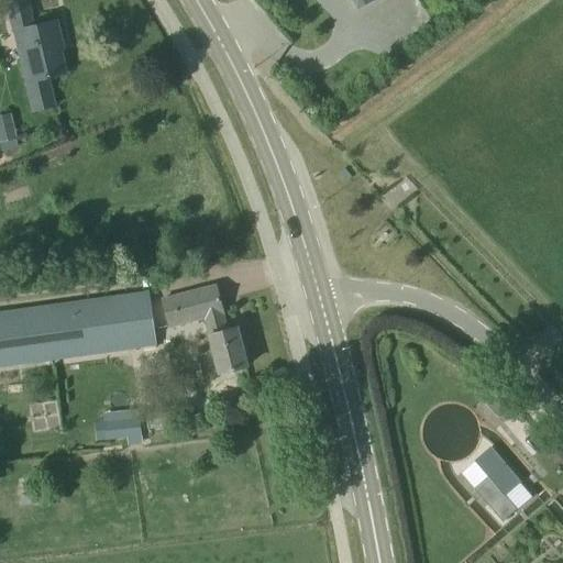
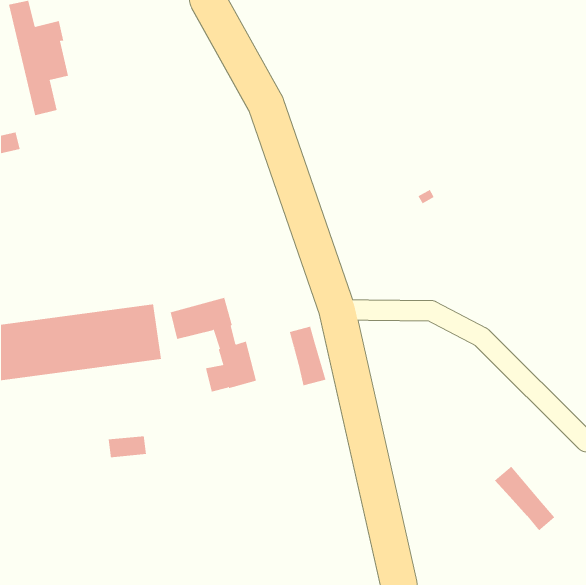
building: none -> [289,326,326,386]
building: [461,461,517,521] -> none

